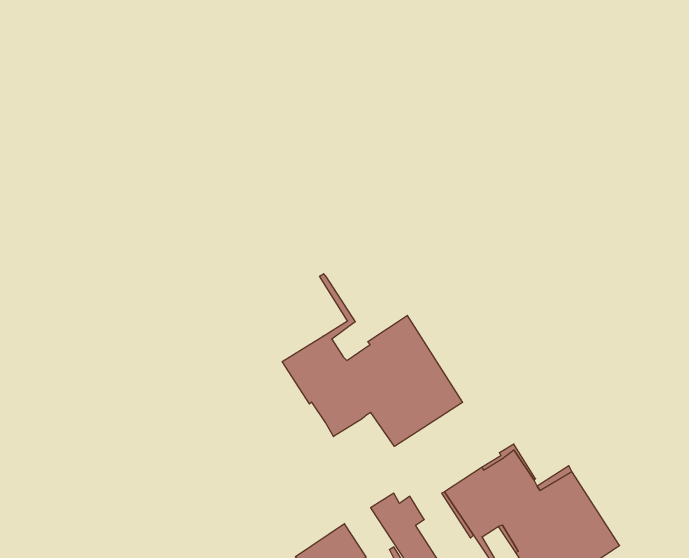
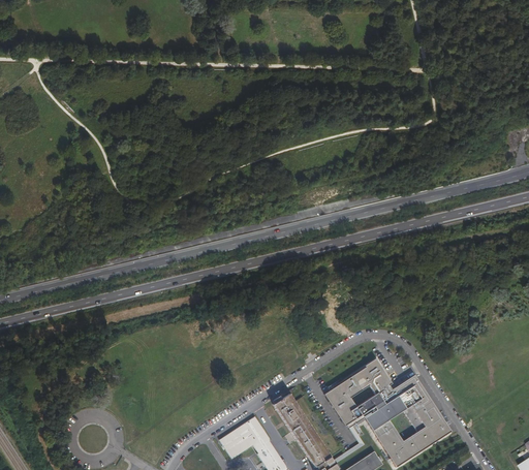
building: [282,274,463,446] -> none

